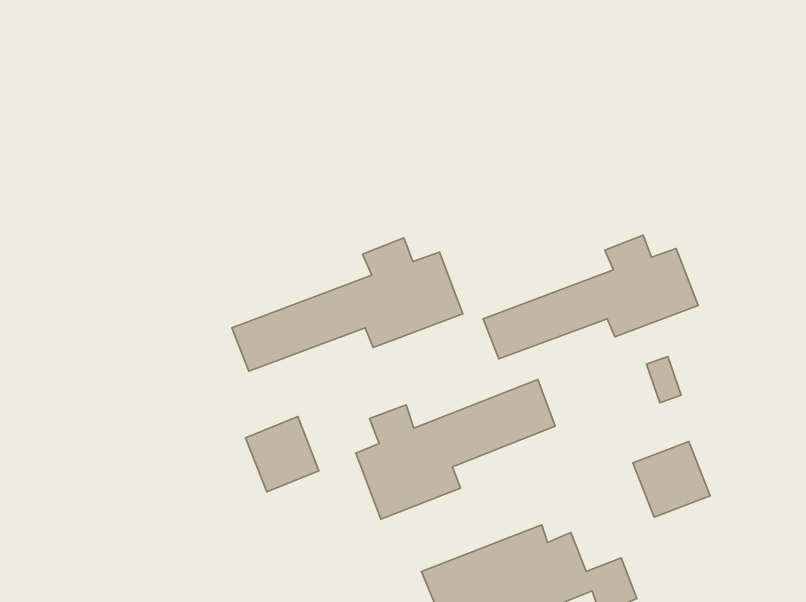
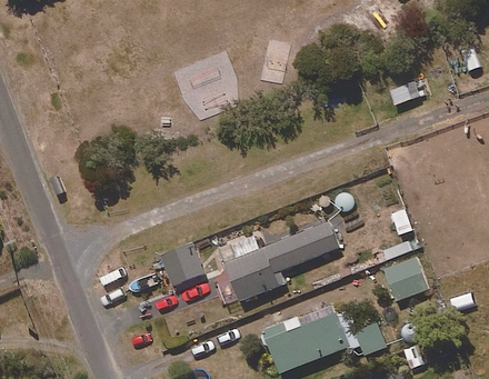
building: [483,235,698,359] -> none
building: [232,238,463,371] -> none

